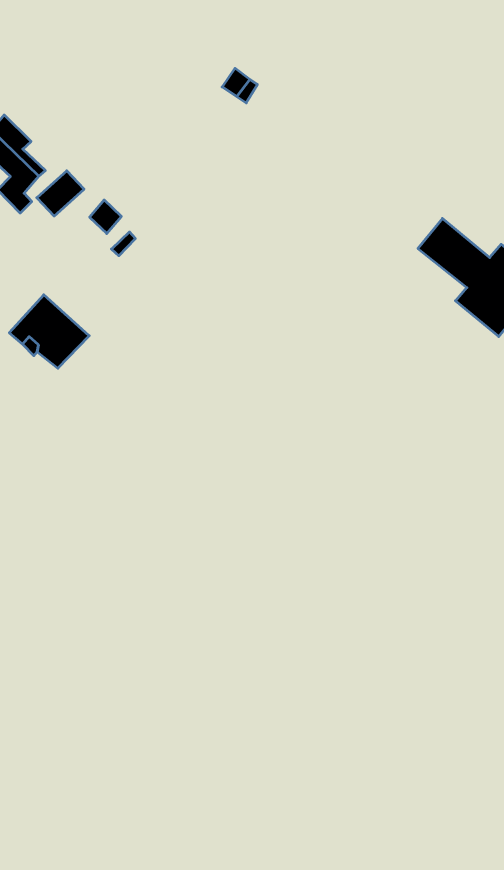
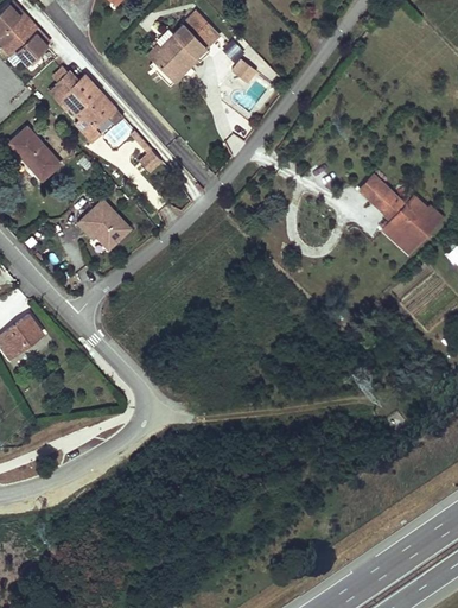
building: none -> [146,14,220,86]

